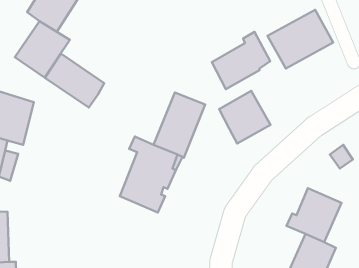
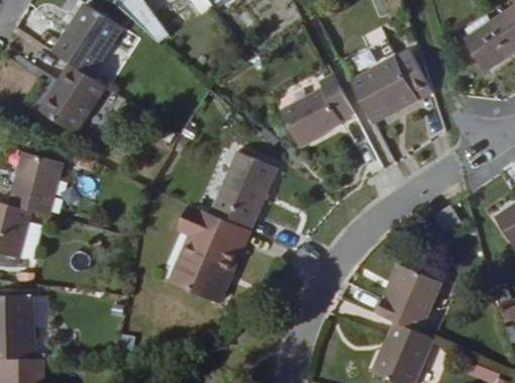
building: [45,54,104,107] -> none
building: [219,91,270,143] -> none

